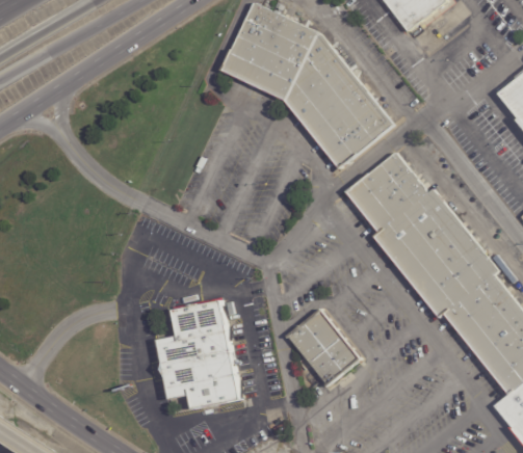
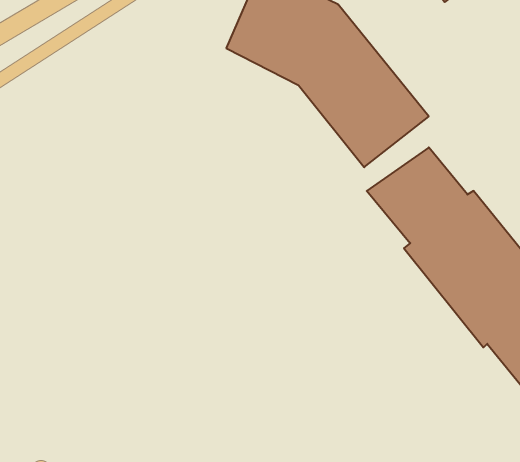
building: [156,299,239,408] -> none
building: [287,308,361,384] -> none

